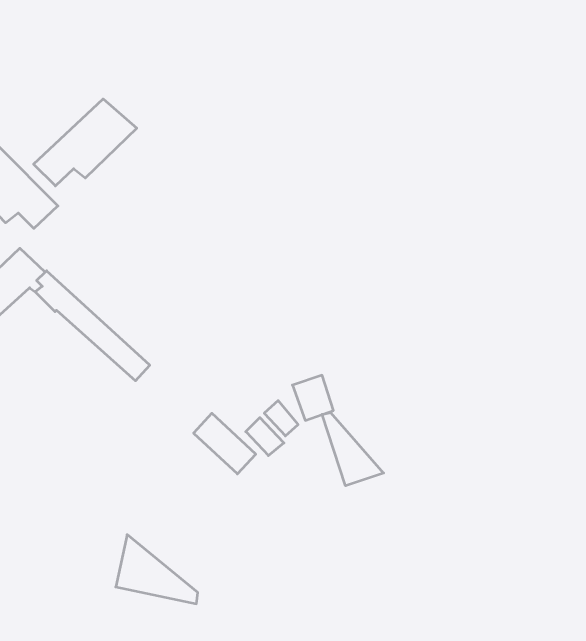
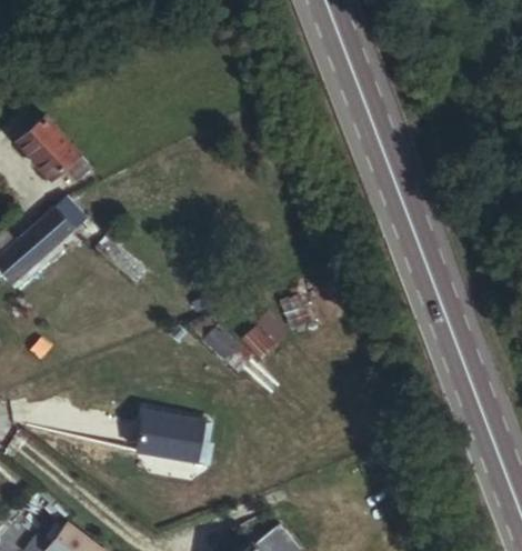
building: [34,99,137,186] -> none
building: [322,413,384,486] -> none
building: none -> [144,419,207,467]

